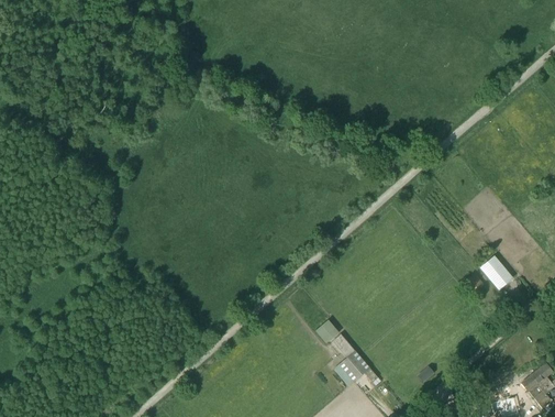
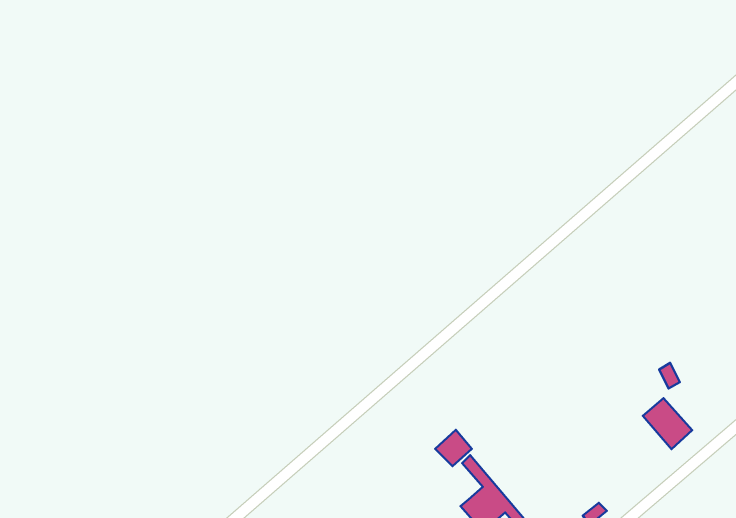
building: [479,255,513,290] -> [643,398,692,449]

